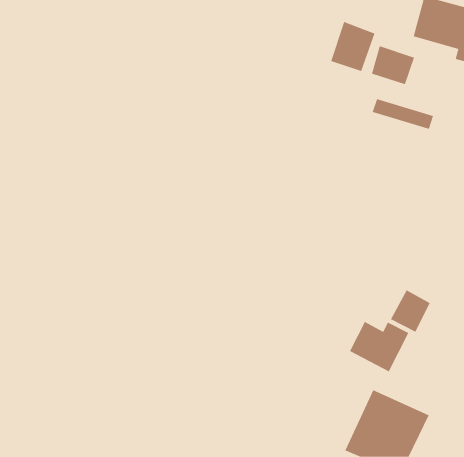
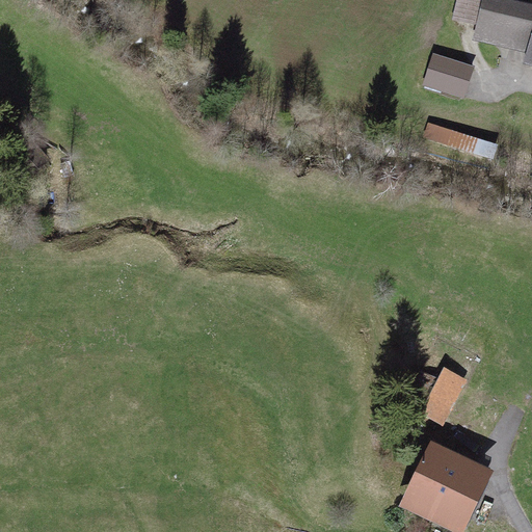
building: [330,21,375,72] -> none
building: [390,290,431,333] -> none

